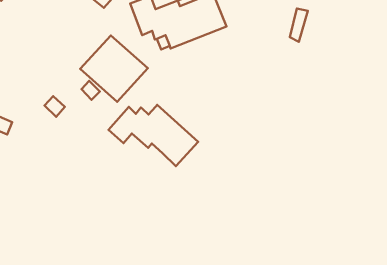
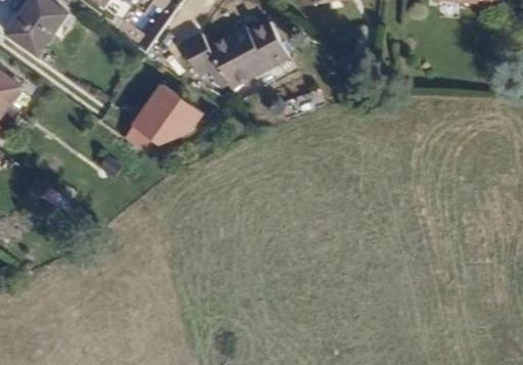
building: [109,105,198,166] -> none

